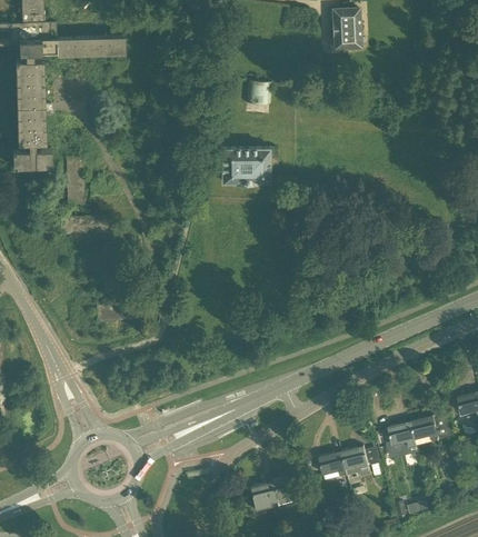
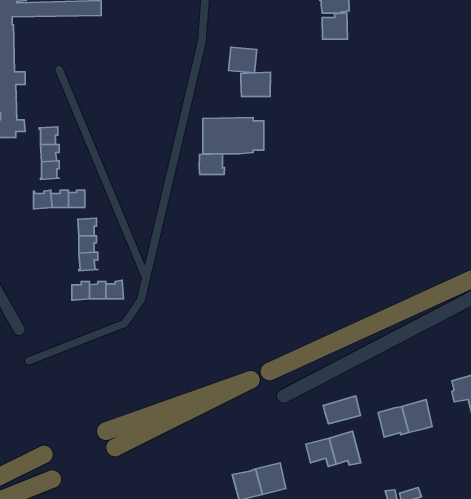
building: none -> [322,13,348,39]
building: none -> [241,72,270,97]
building: none -> [199,154,224,174]
building: none -> [323,396,361,424]

